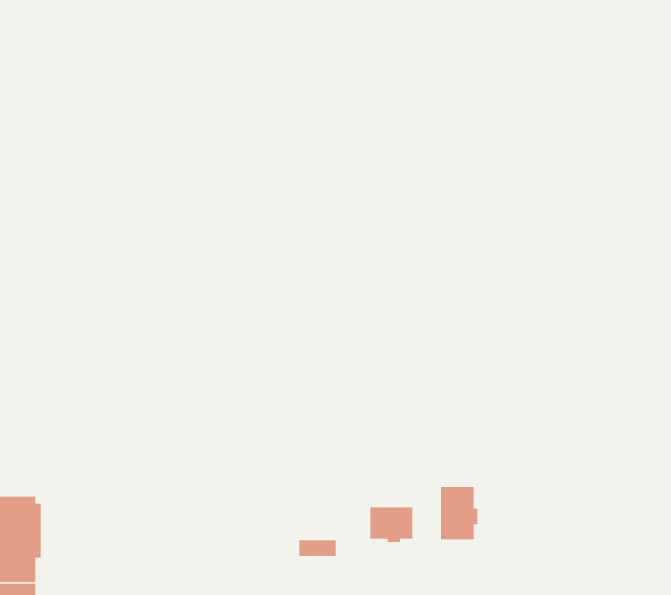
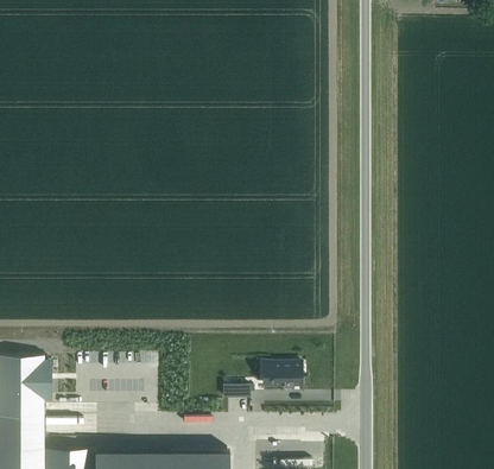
building: [440,486,478,540] -> none

